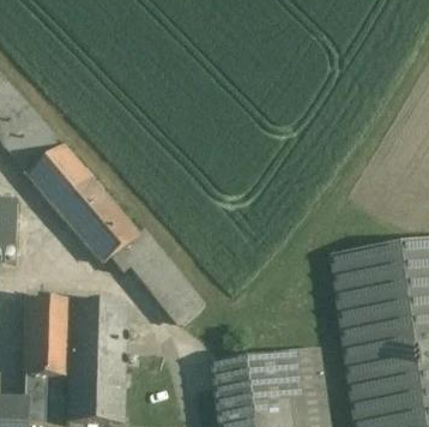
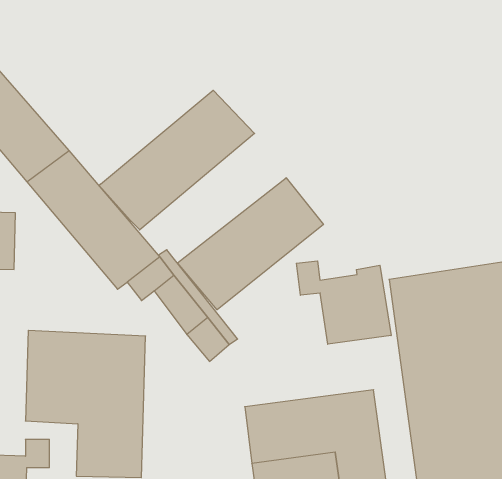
building: none -> [99,90,255,230]
building: none -> [177,178,323,310]
building: none -> [296,261,391,344]

